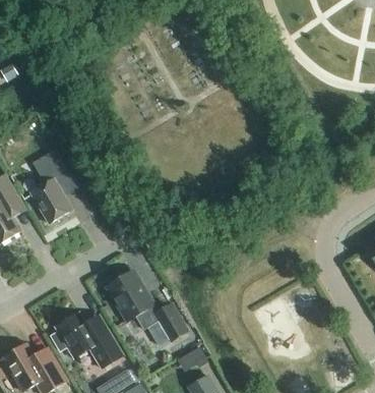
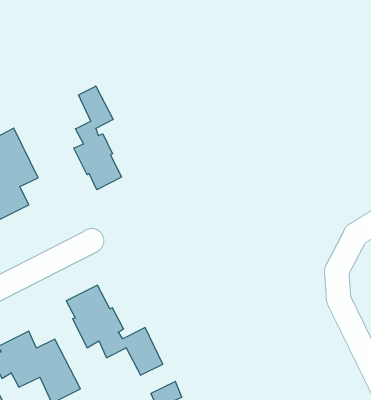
building: none -> [74,86,121,190]

